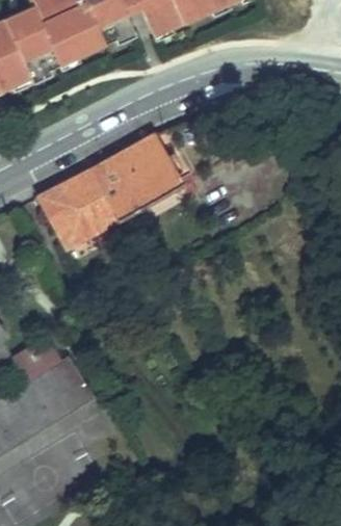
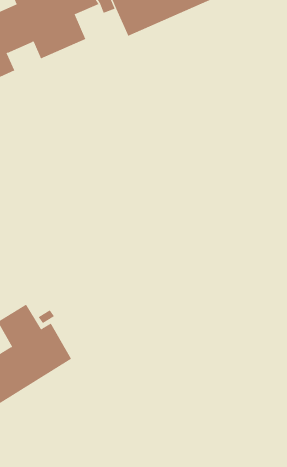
building: [37,130,180,244] -> none

